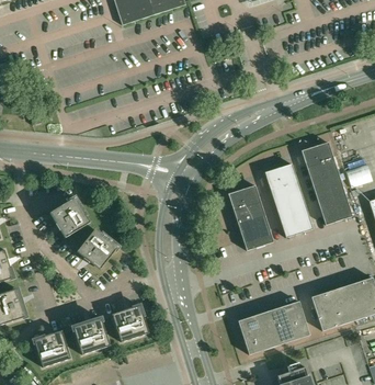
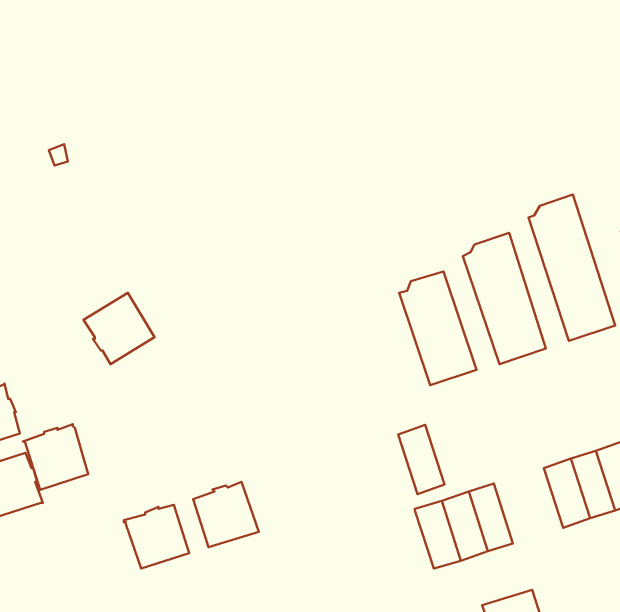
building: [77,228,117,269] -> none
building: [283,299,309,339] -> [398,425,444,494]
building: [33,329,70,366] -> [23,424,88,490]

